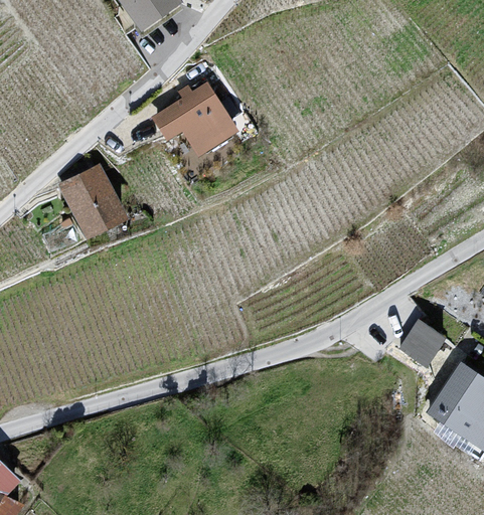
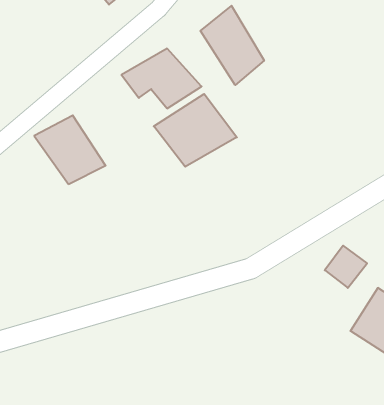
building: none -> [200,6,264,85]
building: none -> [154,94,237,167]

